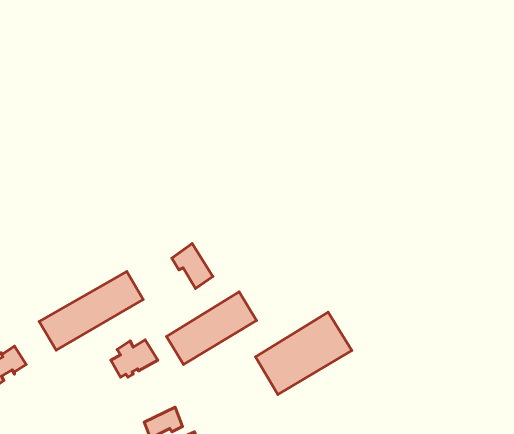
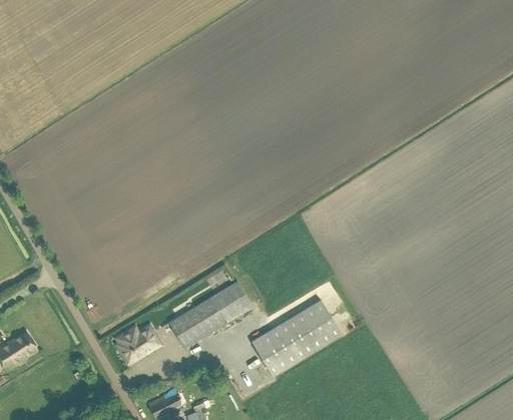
building: [172,243,213,289] -> none
building: [39,271,143,350] -> none

